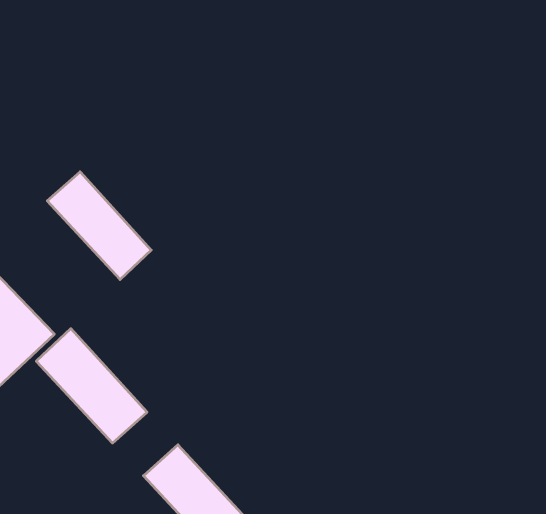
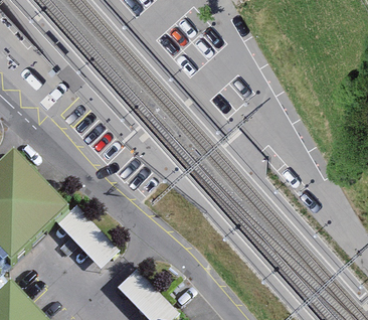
building: [47,172,151,280] -> none

